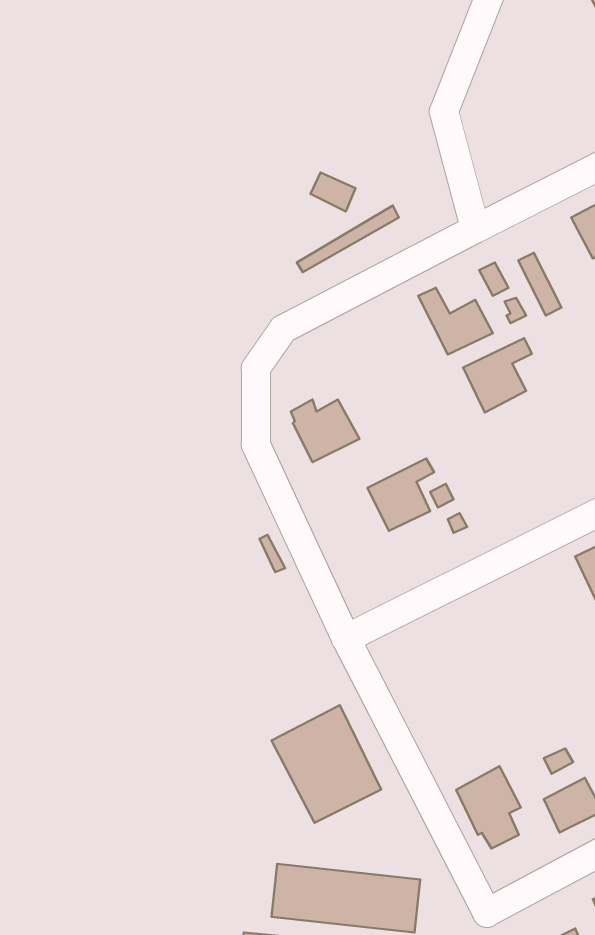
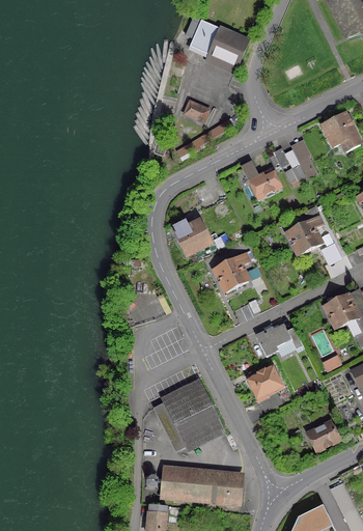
building: none -> [185,16,248,72]
building: [463,338,532,413] -> [286,215,323,254]
building: none -> [255,323,301,356]
building: [456,766,521,848] -> [247,365,281,409]

